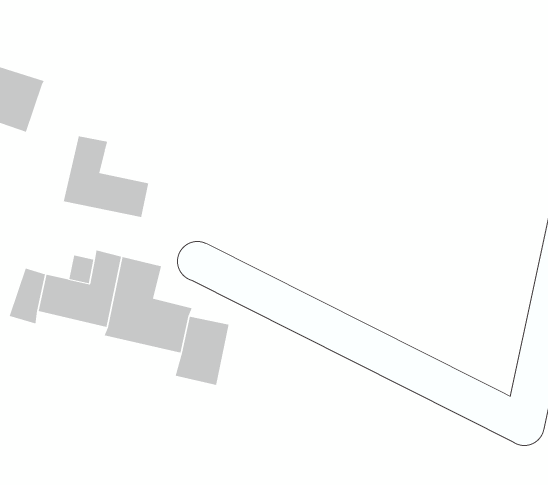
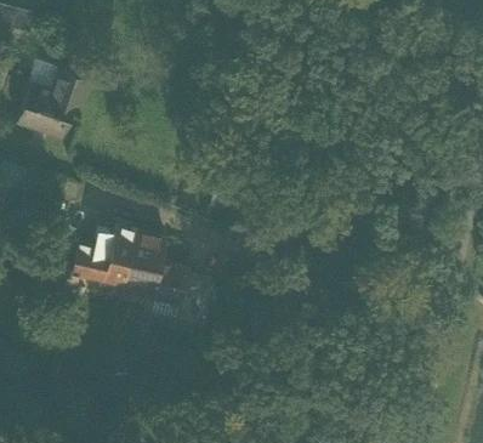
building: none -> [53,69,90,104]
building: [63,135,149,218] -> none

